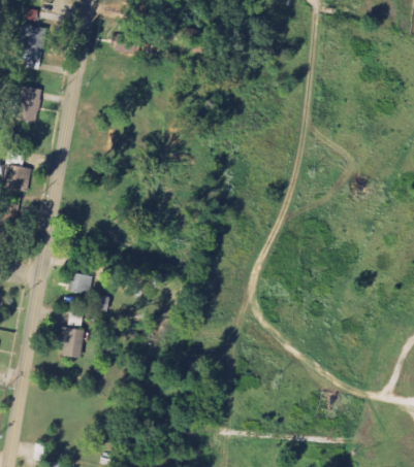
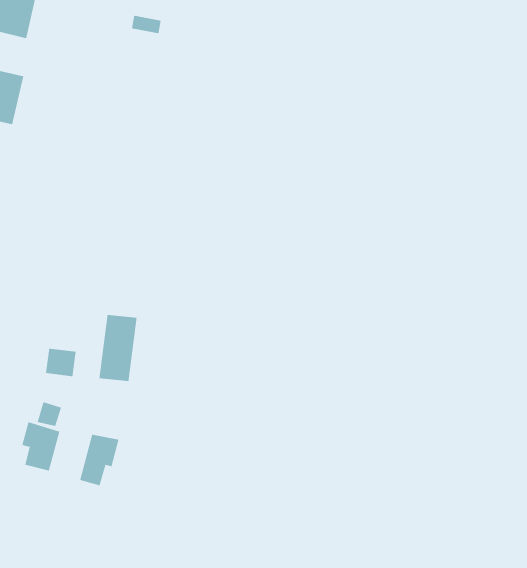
building: none -> [99,314,137,382]
building: none -> [80,434,119,486]

